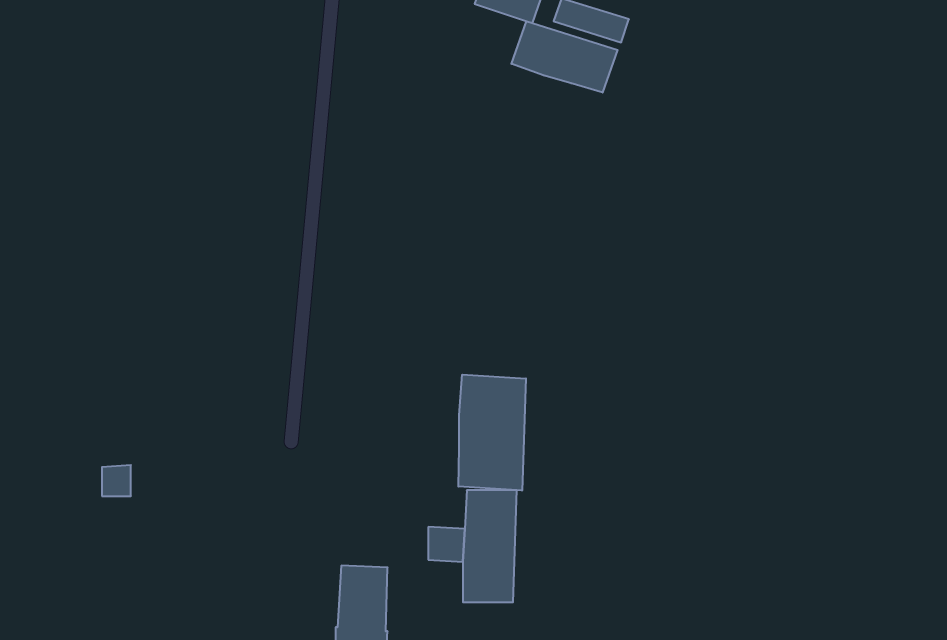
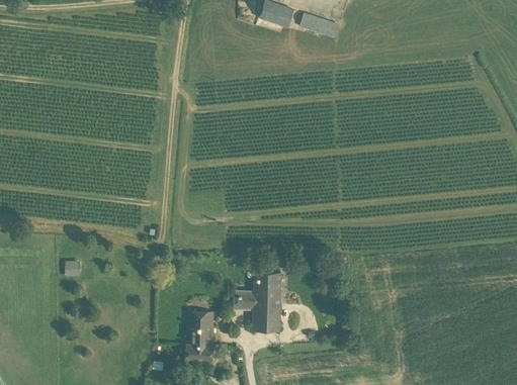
building: [511,21,618,93] -> none
building: [458,375,526,491] -> none

